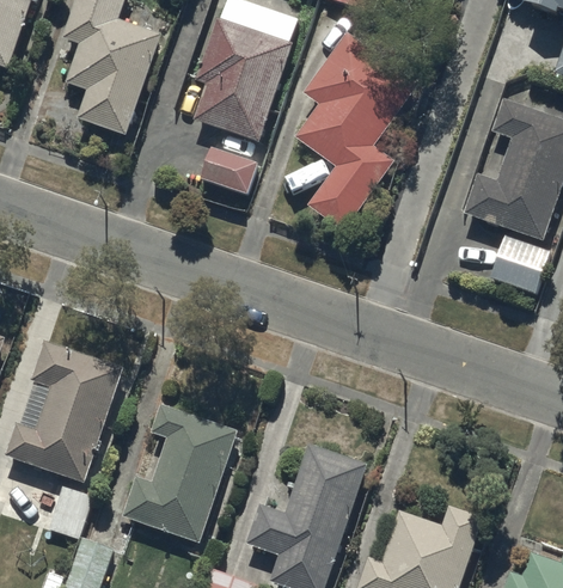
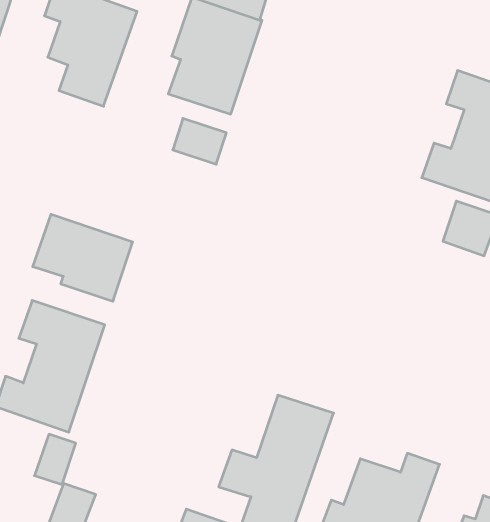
building: [292,32,414,231] -> none
building: none -> [33,214,133,301]
building: [122,405,235,540] -> none

